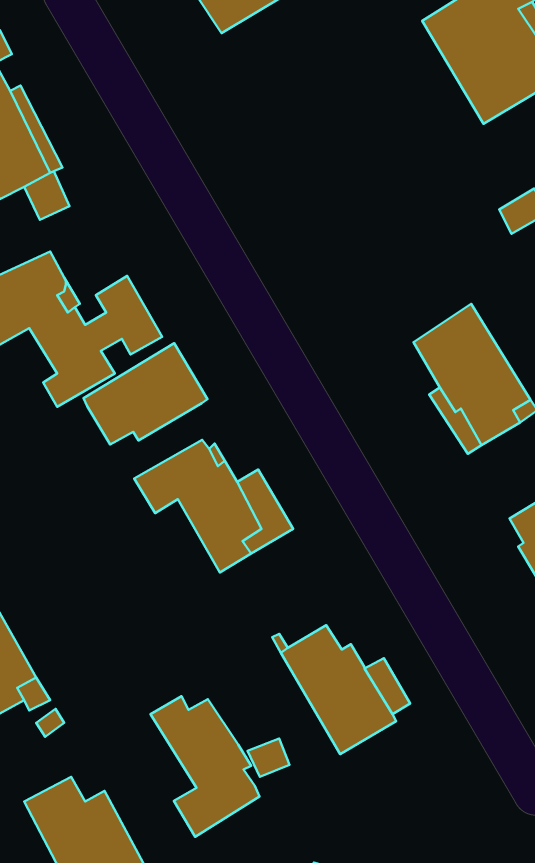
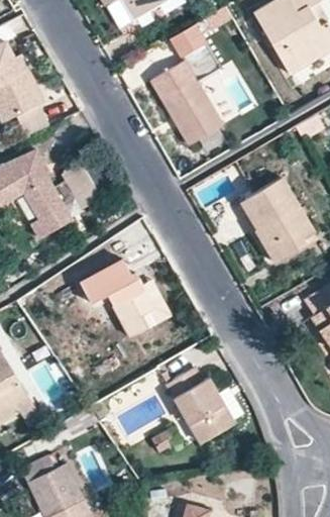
building: none -> [150,19,223,146]
building: [83,343,208,444] -> none
building: [151,696,259,837] -> none

